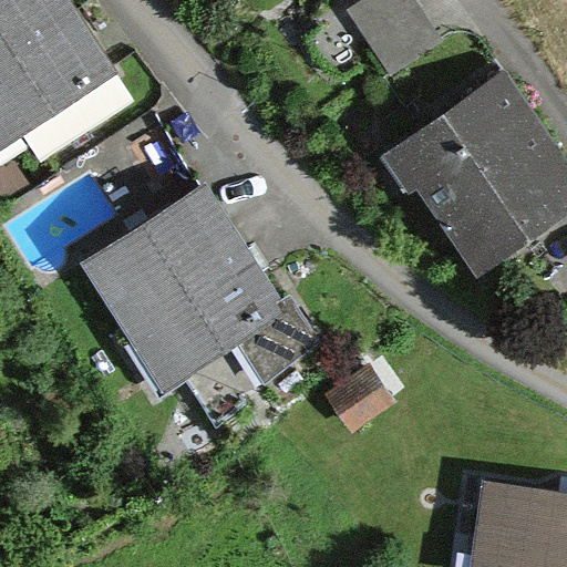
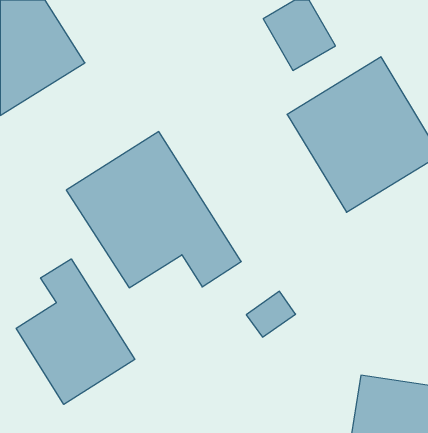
building: none -> [16,259,135,404]

